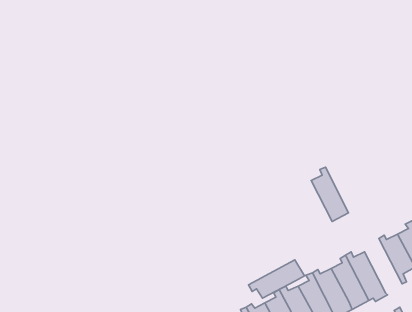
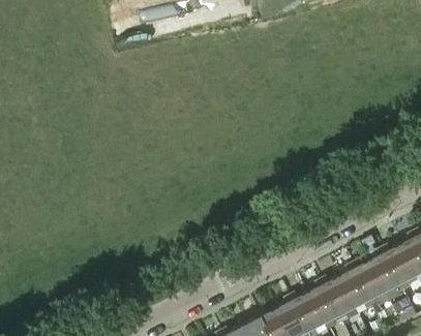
building: [311,167,349,222] -> [370,246,405,297]
building: [248,260,304,298] -> none

